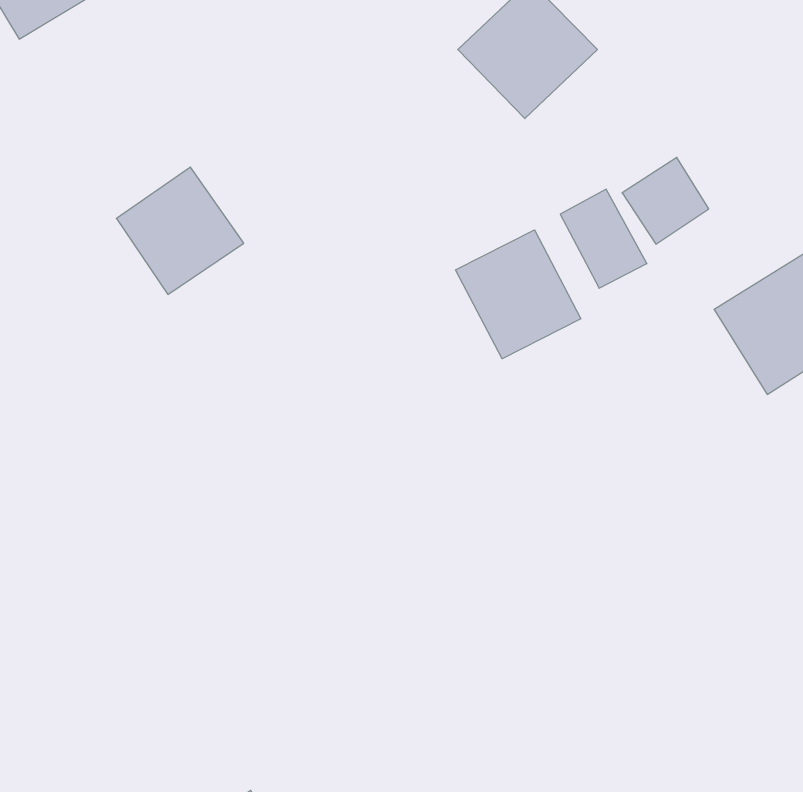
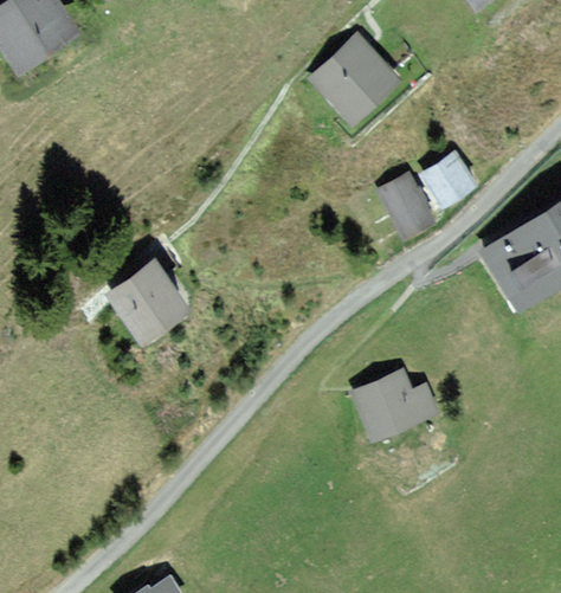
building: [116,167,244,294] -> [105,258,191,343]
building: [456,230,581,359] -> none
building: none -> [354,369,440,441]

